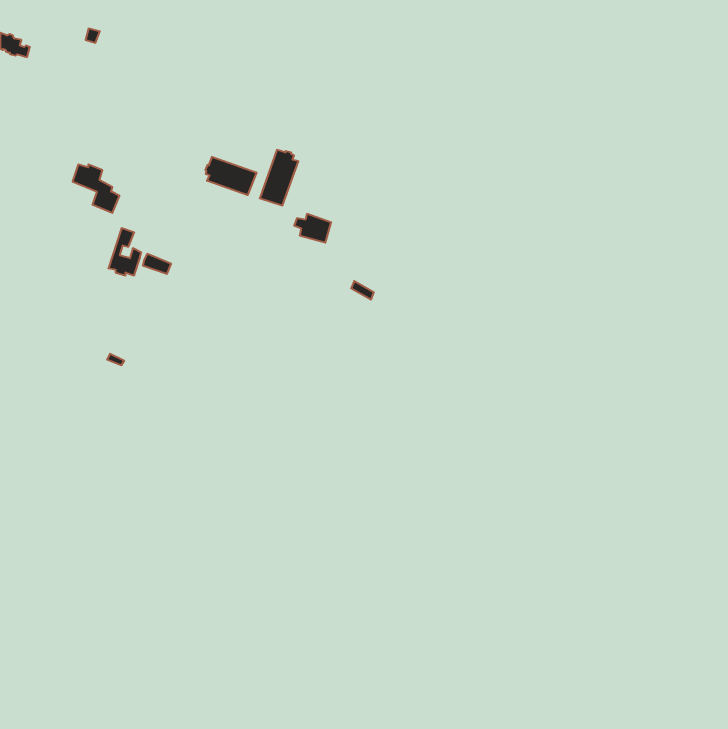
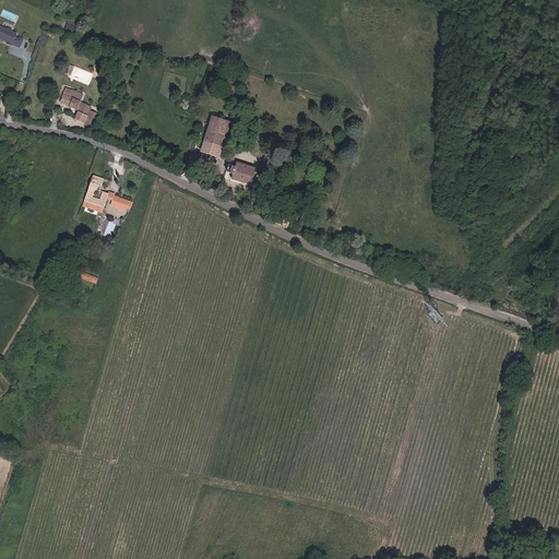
building: [205,157,256,195] -> none
building: [73,164,120,213] -> [60,90,96,127]

